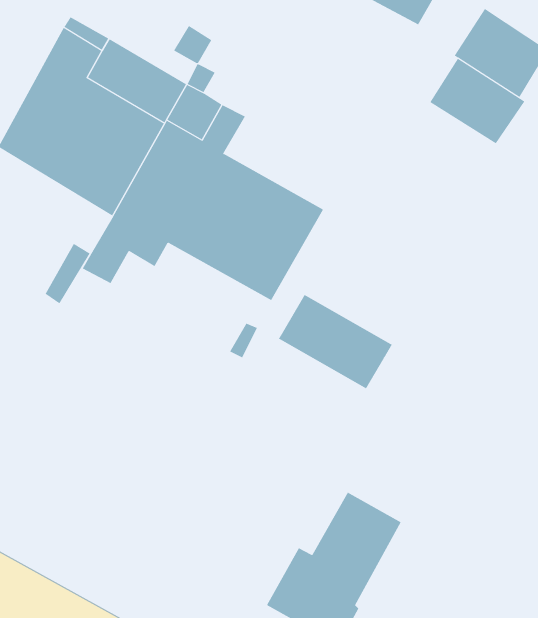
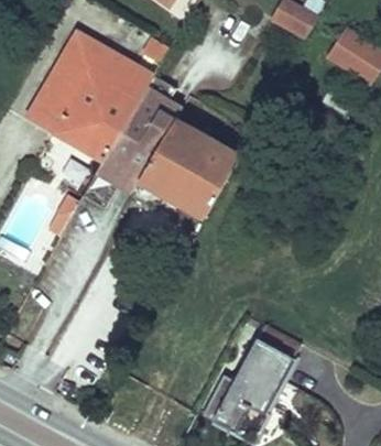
building: [429,58,525,144] -> none
building: [278,294,392,389] -> none

